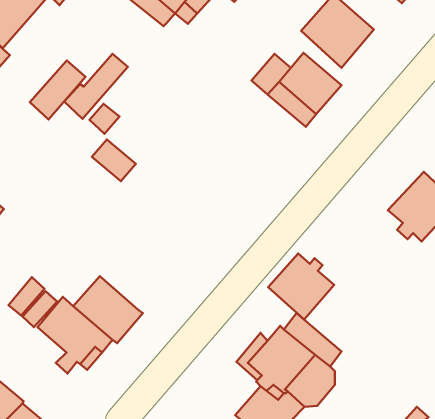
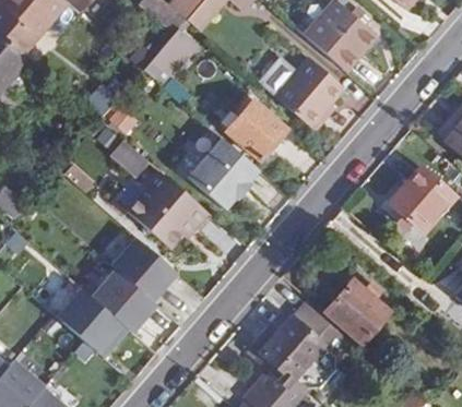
building: [30,61,85,120] -> [144,28,197,84]
building: none -> [226,99,287,158]
building: none -> [183,132,259,206]
building: none -> [127,172,208,248]
building: none -> [111,236,177,299]
building: [268,254,334,320] -> [322,279,384,342]

